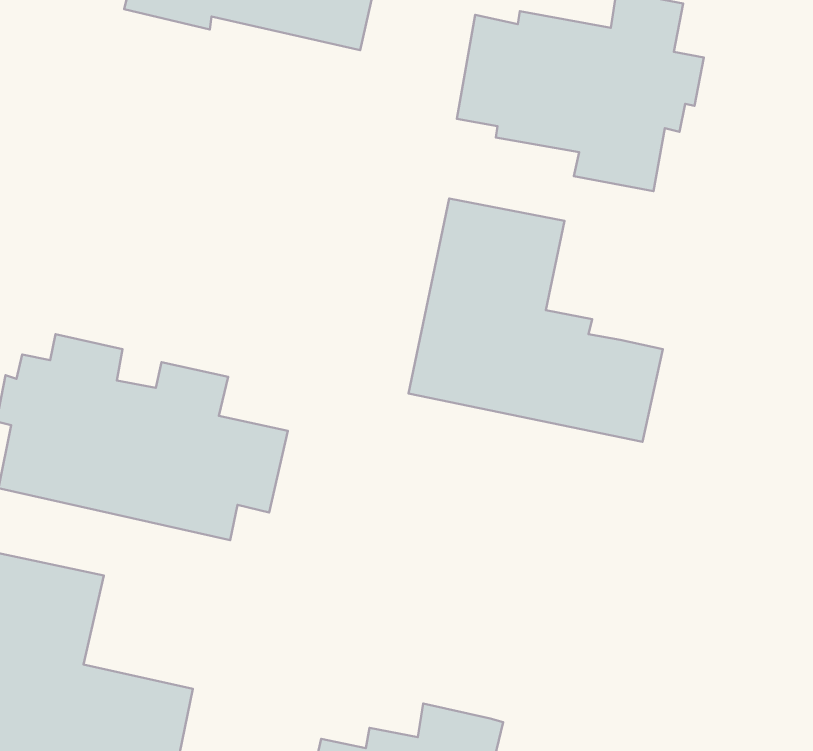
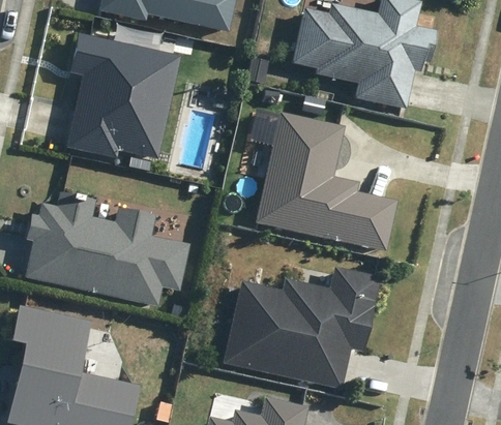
building: none -> [63,37,175,162]
building: none -> [224,269,377,390]

